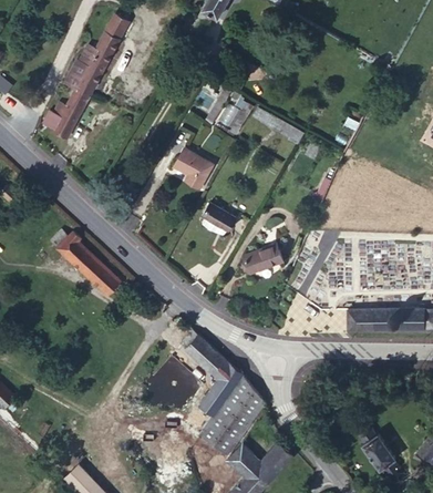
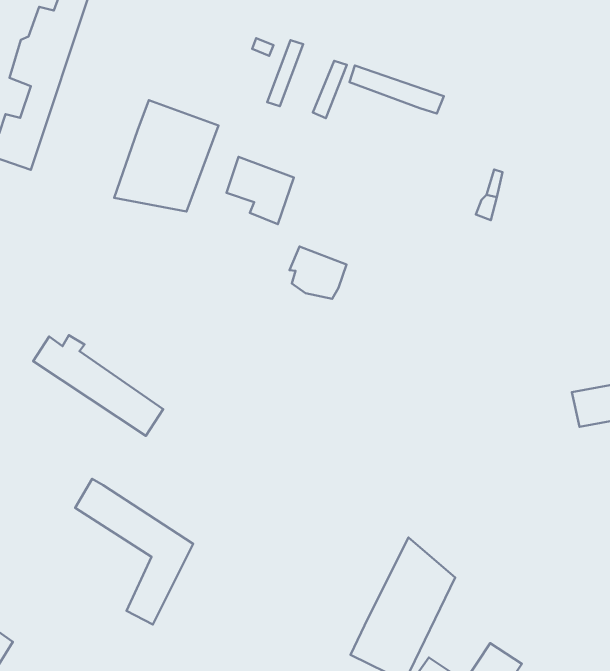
building: none -> [114,100,218,211]
building: [244,245,282,274] -> none
building: [181,330,243,417] -> [75,479,193,624]

